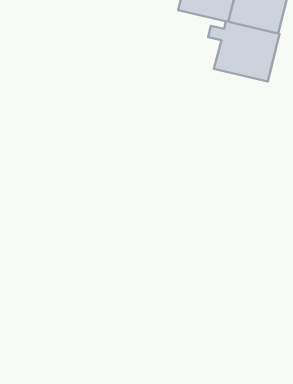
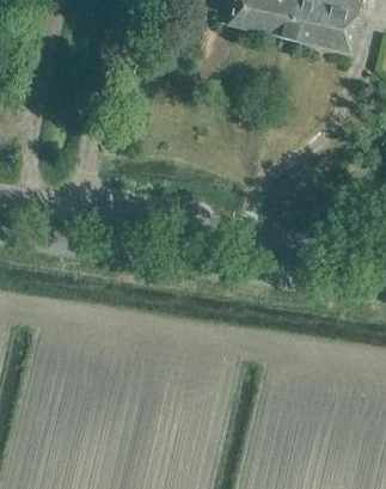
building: [208,21,280,82] -> none

